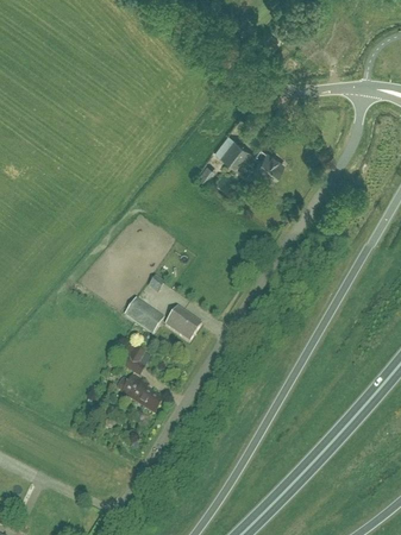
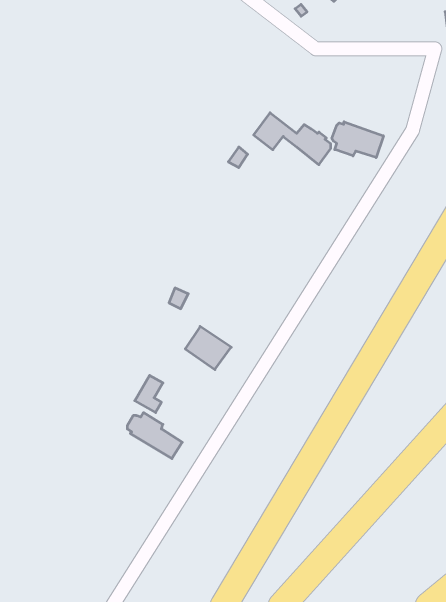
building: none -> [332,122,383,158]
building: [125,296,167,334] -> none

